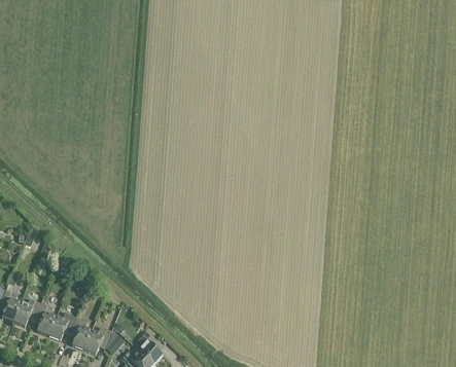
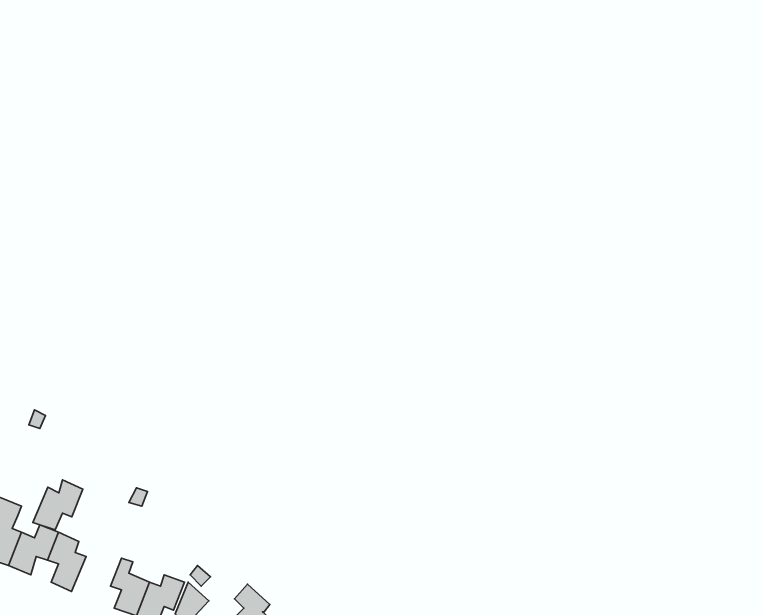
building: [47,313,75,340] -> [33,480,83,530]

